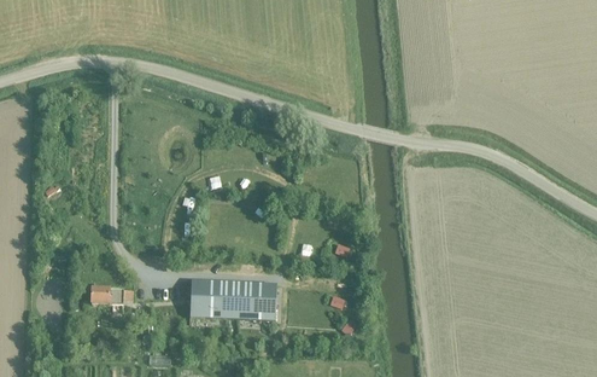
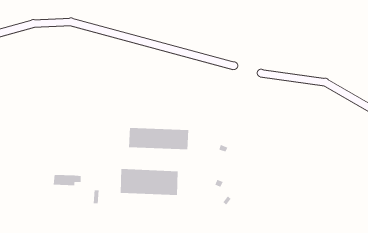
building: none -> [129,127,189,150]

